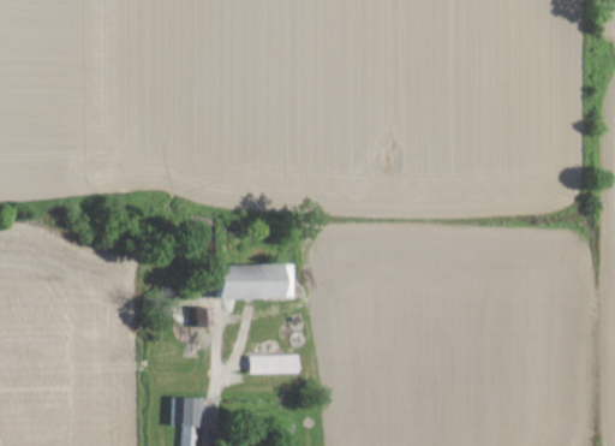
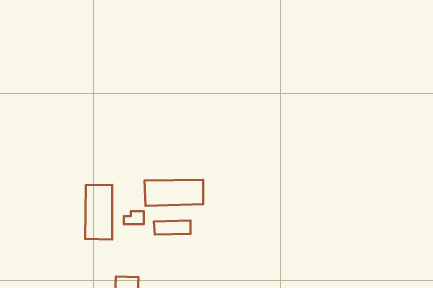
building: none -> [85,185,112,239]
building: [250,355,300,374] -> [154,221,191,235]

